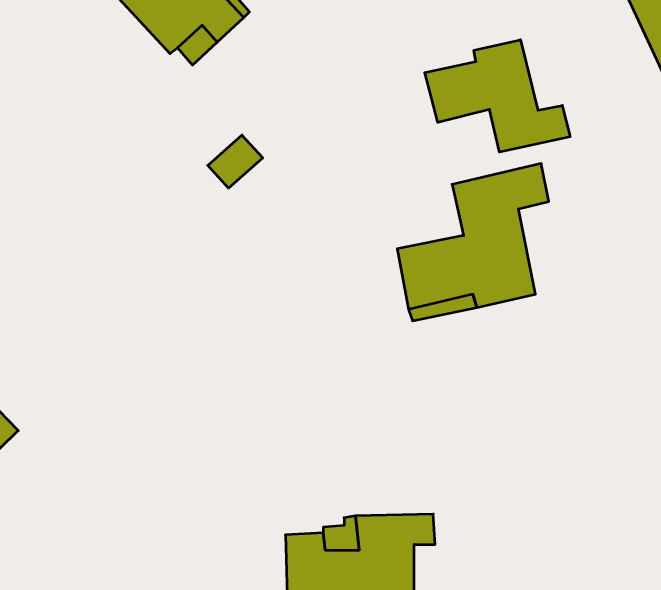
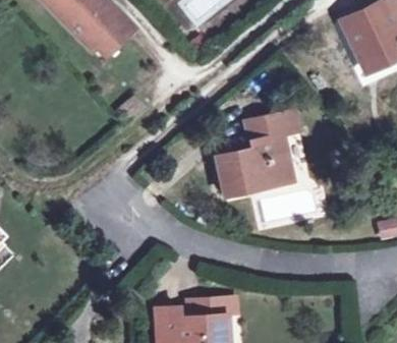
building: [425,40,570,152] -> none

